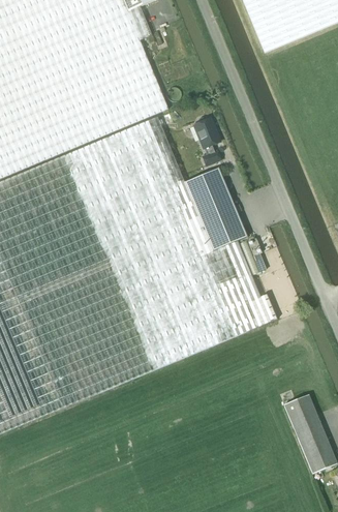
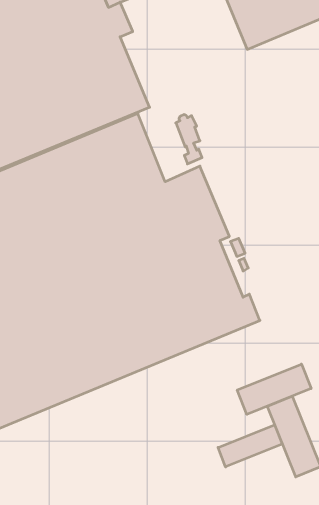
building: none -> [237,364,311,414]
building: none -> [218,425,282,467]

